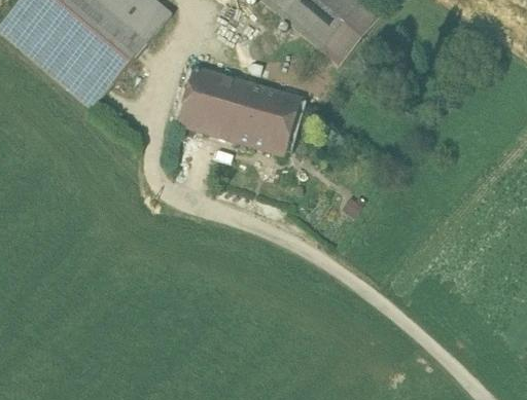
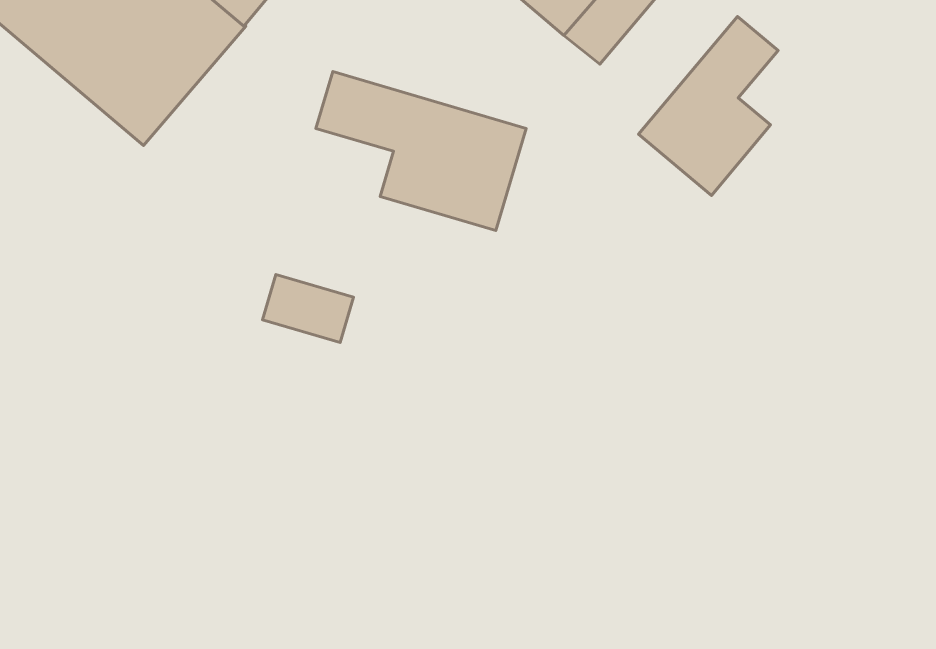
building: none -> [638,17,778,195]
building: [178,97,227,134] -> [263,274,354,343]

